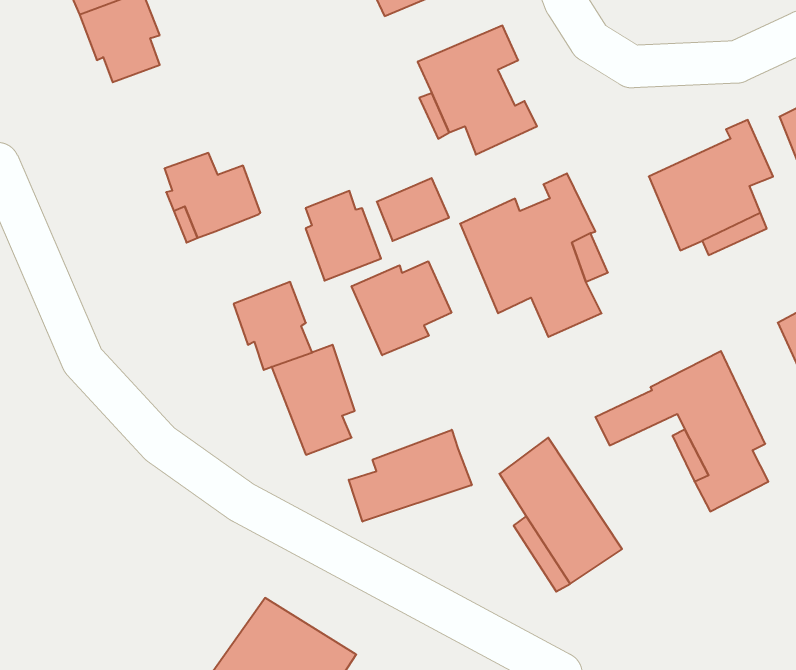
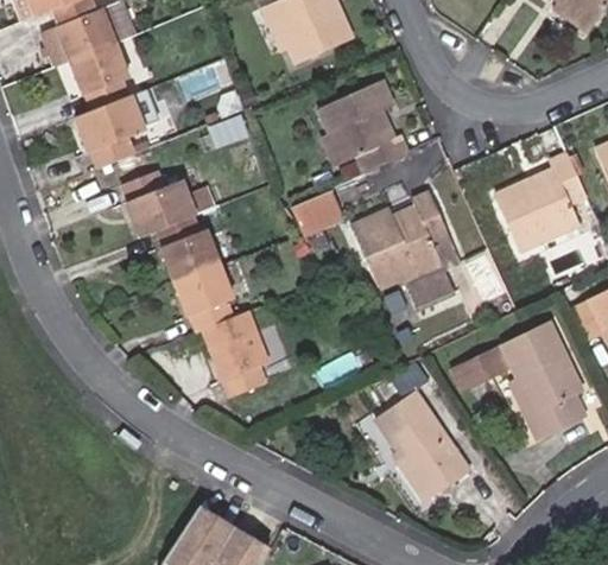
building: none -> [69,102,141,172]
building: [306,191,381,281] -> [165,217,222,285]
building: [352,261,451,355] -> none
building: [349,430,472,522] -> none

